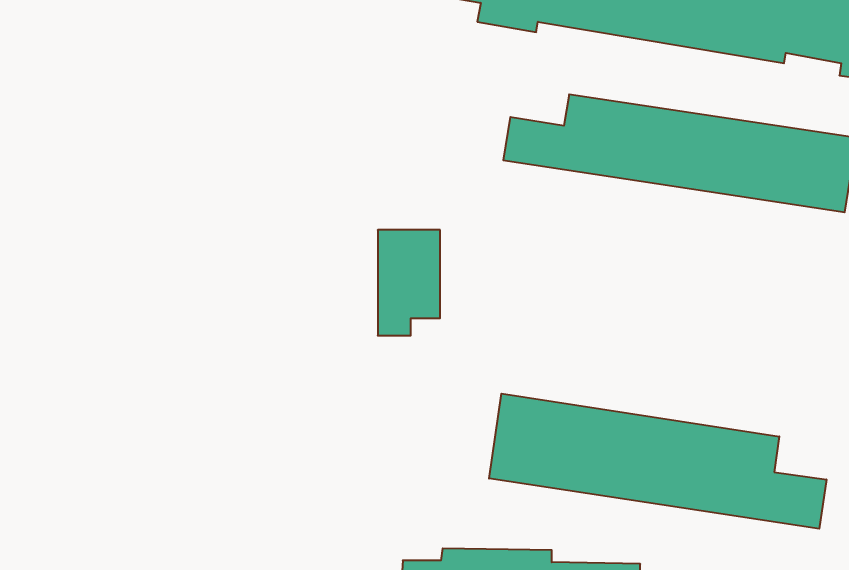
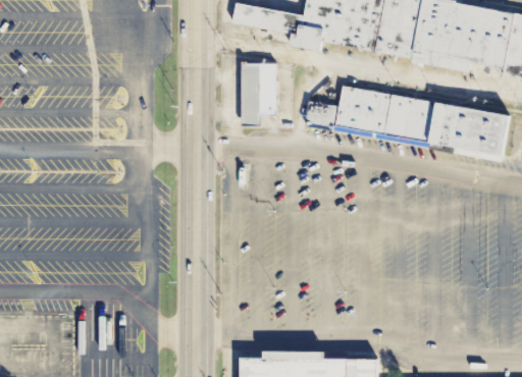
building: [378,230,440,336] -> [240,62,276,124]
building: [489,394,826,529] -> none

